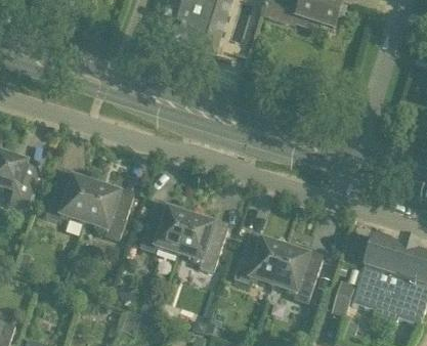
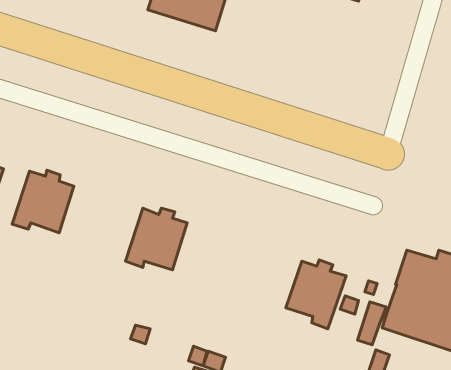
building: [84,183,133,241] -> none
building: [178,214,228,271] -> none
building: [233,233,286,286] -> none

